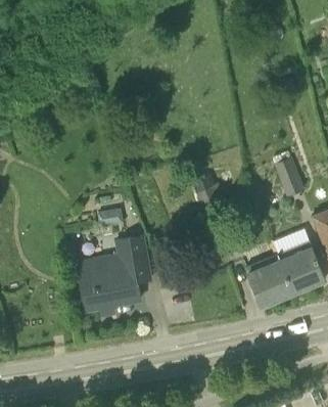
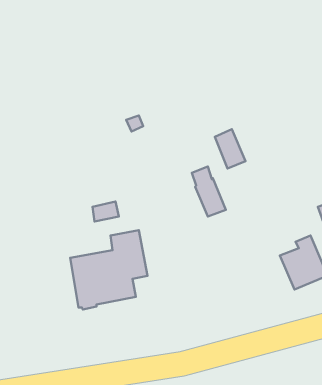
building: [275,159,304,196] -> [215,129,246,169]
building: [244,260,293,305] -> none

